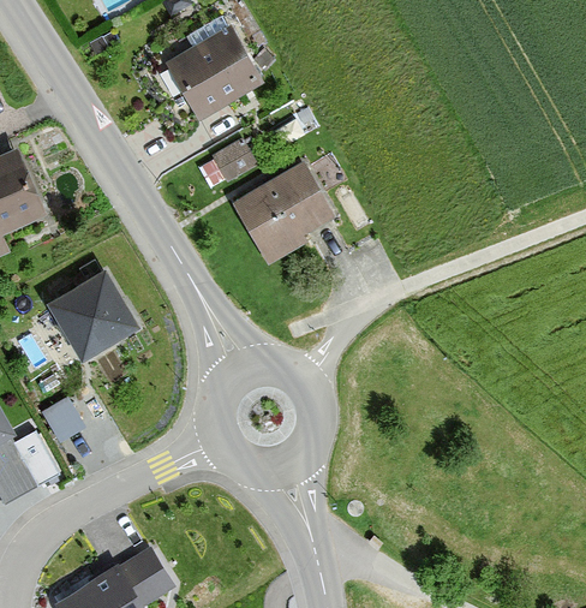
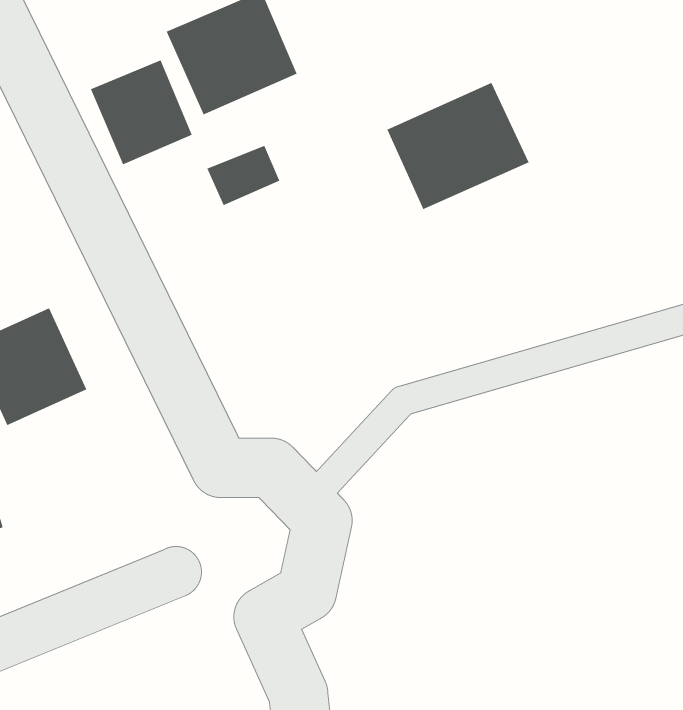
building: none -> [90,59,193,165]
building: [233,162,336,257] -> [387,82,530,210]

